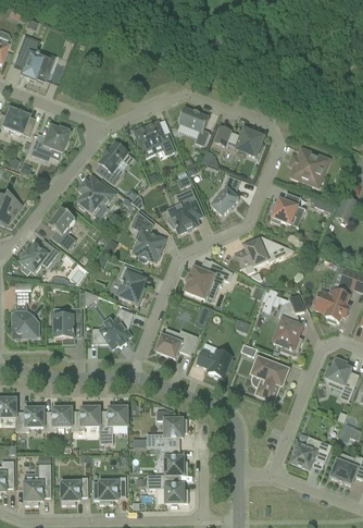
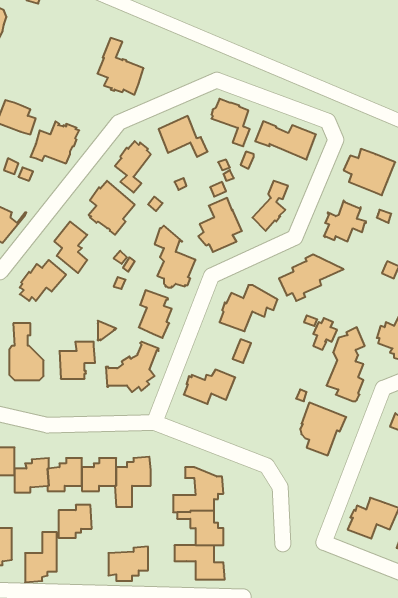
building: [13,35,51,82] -> [97,38,144,95]
building: [196,347,231,377] -> none
building: [61,476,88,503] -> [59,505,92,538]

